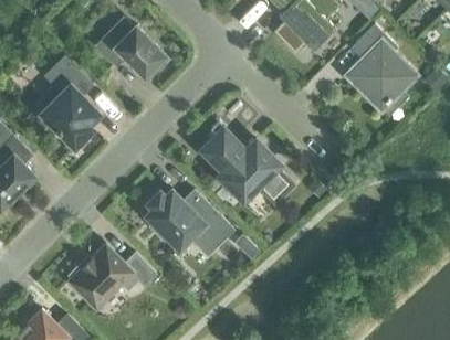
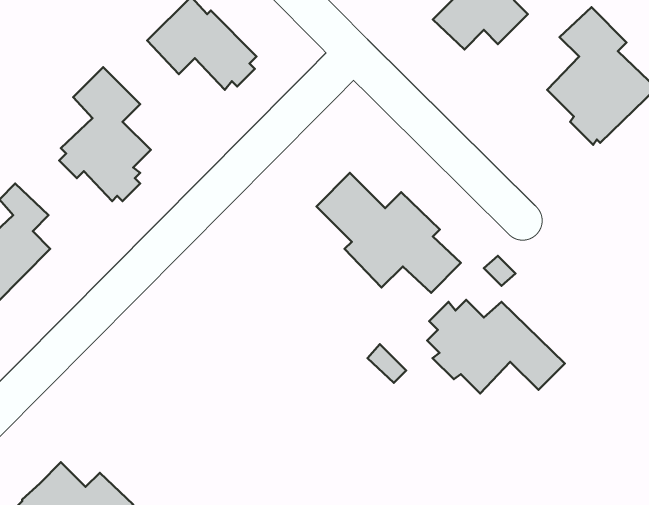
building: [147,190,233,248] -> [427,300,565,393]
building: [70,245,156,308] -> none

